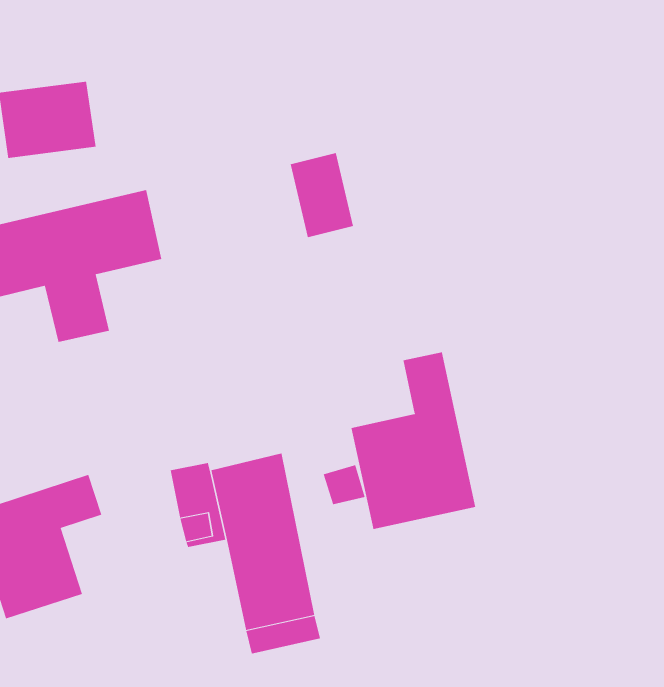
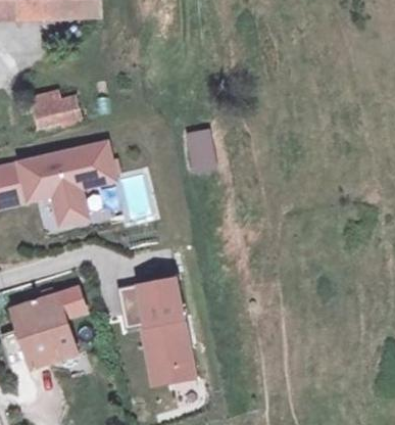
building: [351,351,476,530] -> none

